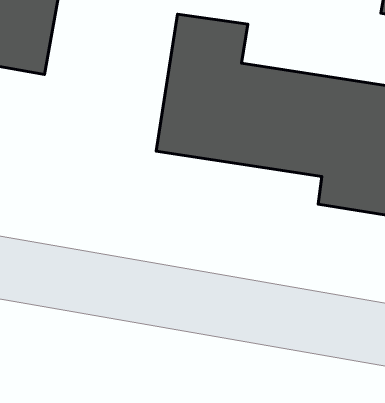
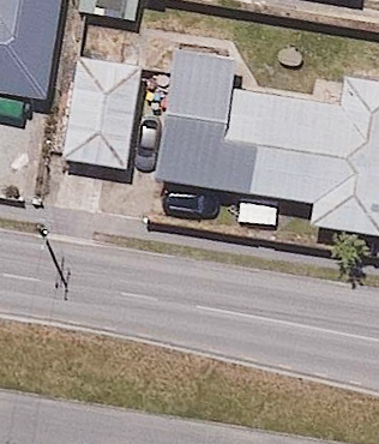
building: none -> [56,49,151,166]

